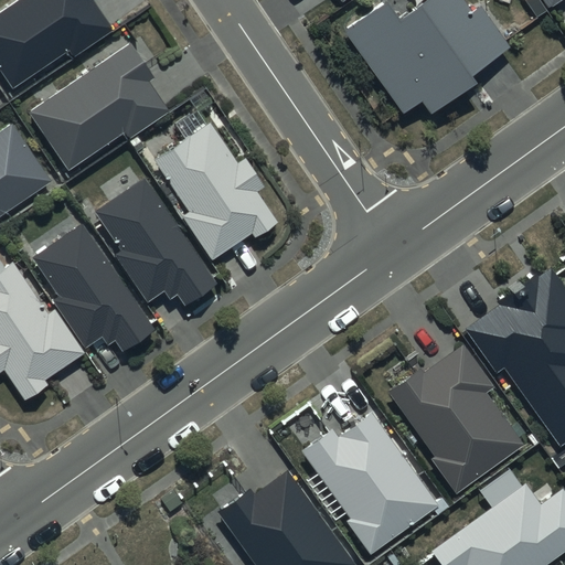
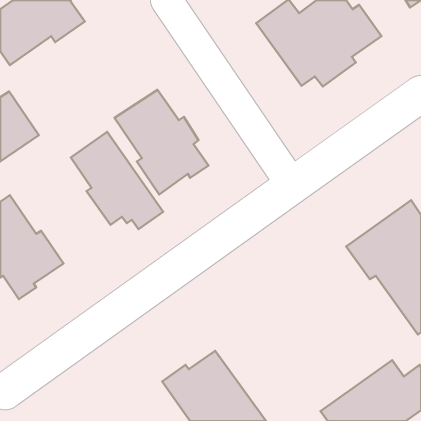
building: [31,44,170,170] -> none
building: [33,223,157,353] -> none
building: [387,344,524,493] -> none
building: [301,414,439,555] -> none

